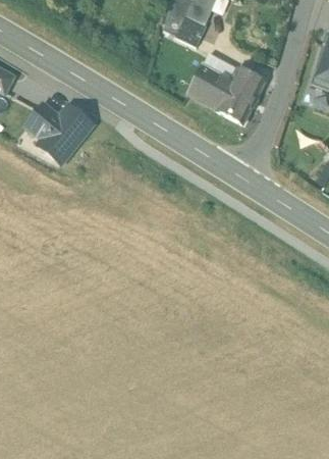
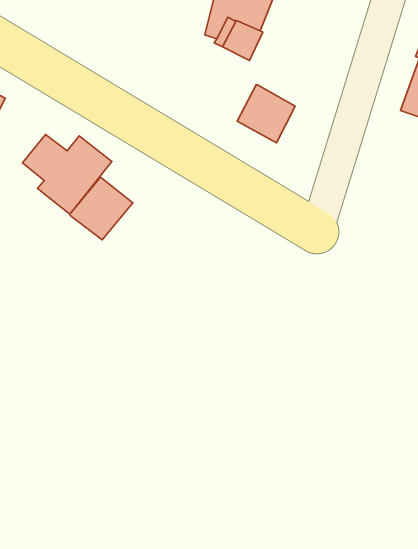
building: [204,53,264,123] -> none
building: none -> [70,177,133,240]

